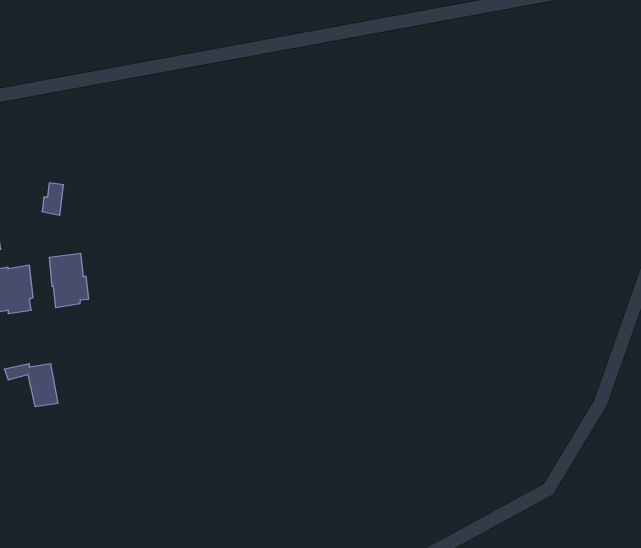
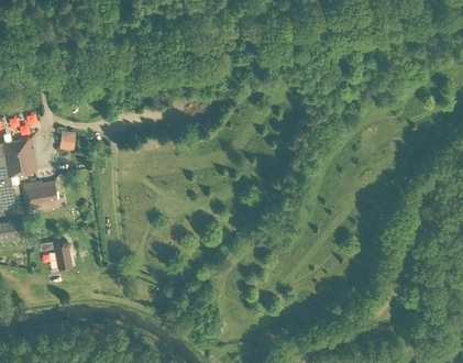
building: [50,253,88,308] -> none

